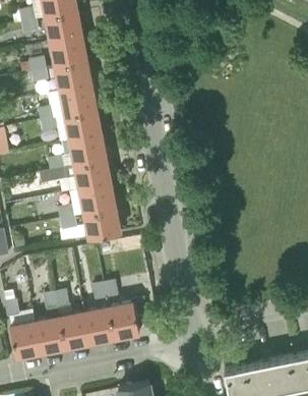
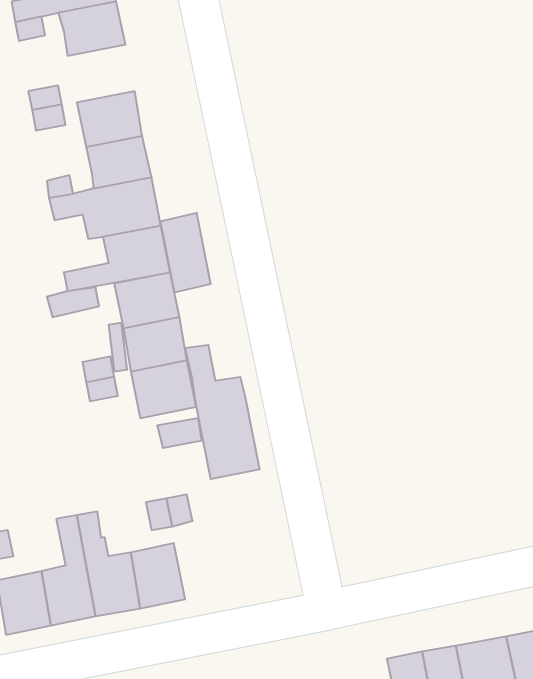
building: [50,35,86,66] -> none
building: none -> [161,213,210,292]
building: none -> [185,345,260,479]
building: [108,301,139,337] -> none

